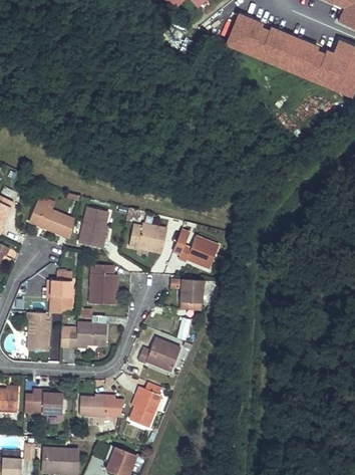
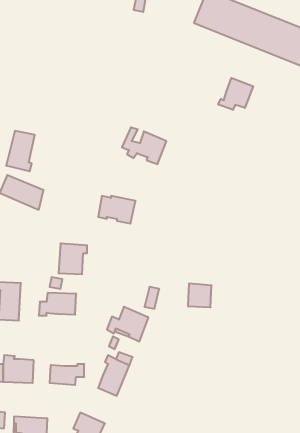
building: none -> [218,78,253,110]
building: [78,207,107,248] -> [6,131,35,171]
building: [172,231,218,268] -> [122,127,166,164]
building: [47,272,72,313] -> none
building: [180,278,204,302] -> [188,284,212,307]

